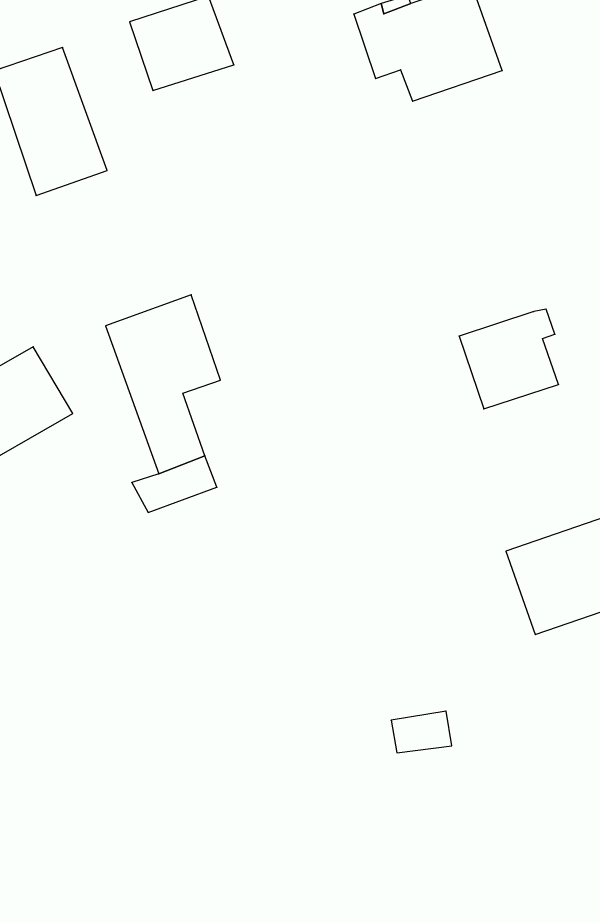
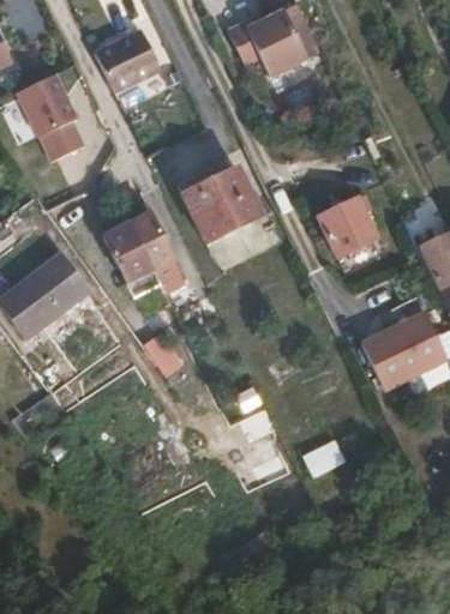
building: none -> [179,165,262,243]

